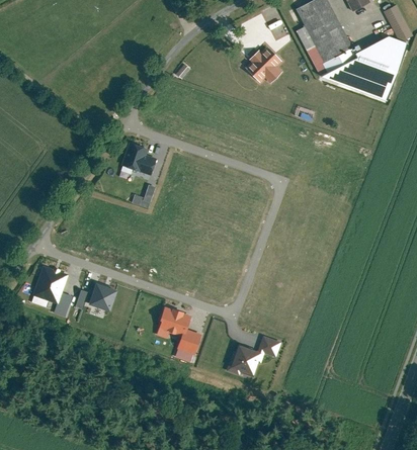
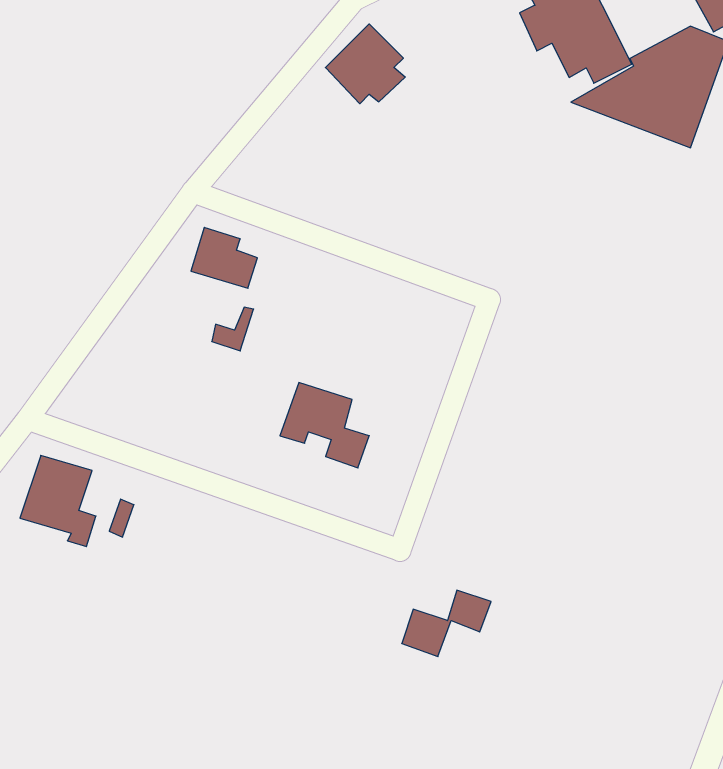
building: [241,43,283,86] -> [325,24,405,104]
building: [88,284,116,311] -> none
building: [153,306,200,352] -> [280,383,369,468]

